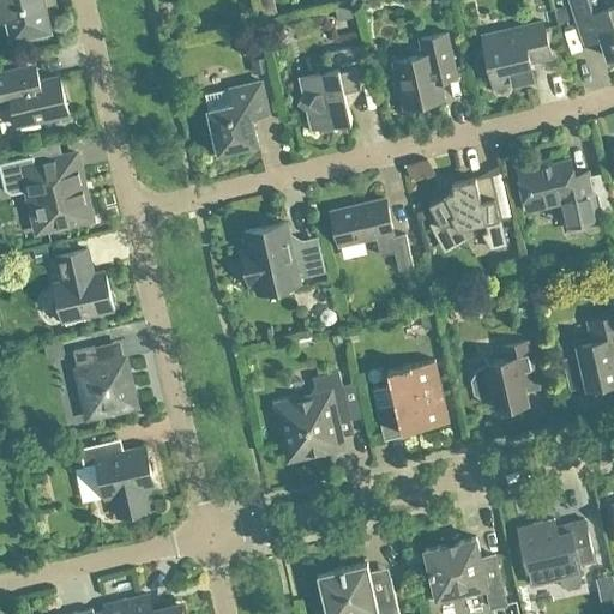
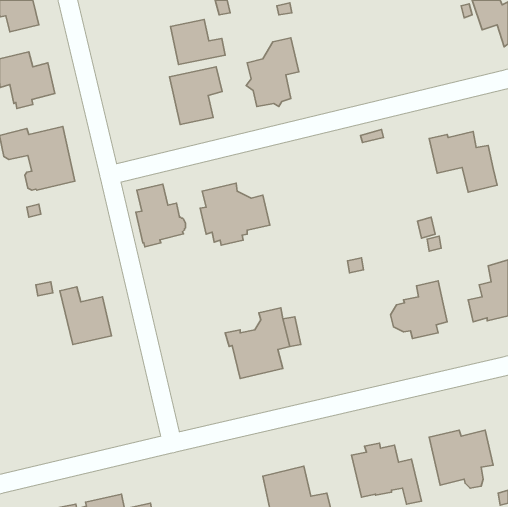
building: [474,23,550,89] -> none
building: none -> [170,19,225,65]
building: [391,34,457,109] -> none
building: [428,177,505,253] -> none
building: [330,200,413,271] -> none
building: [54,251,114,326] -> [136,184,186,247]
building: [372,361,447,433] -> none
building: [79,443,152,517] -> none

